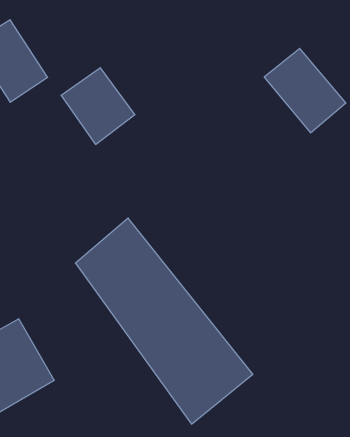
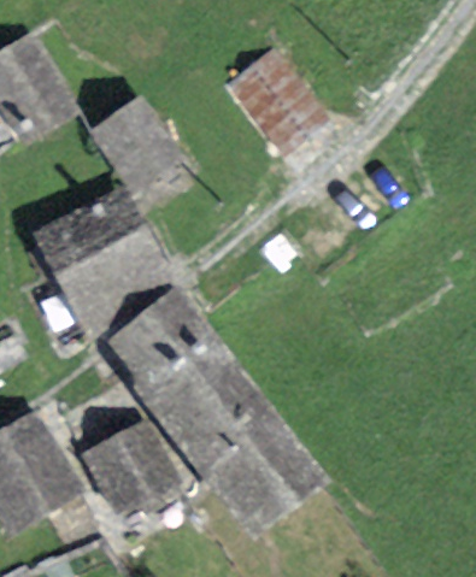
building: [264,48,346,133] -> [228,48,330,154]
building: none -> [29,189,169,335]
building: none -> [77,419,182,519]

